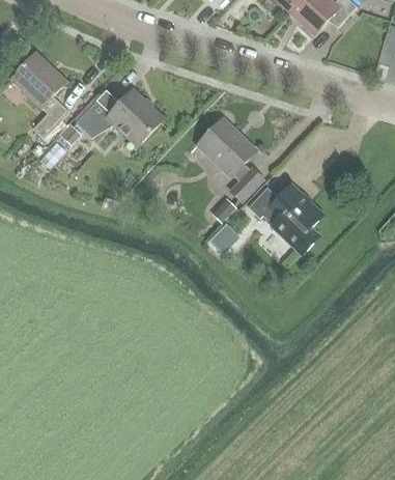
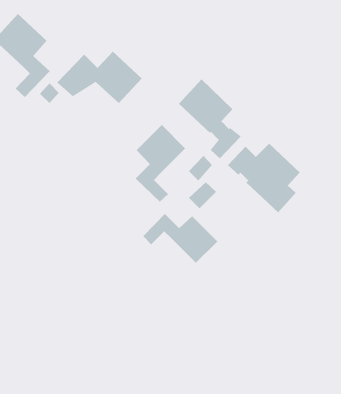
building: none -> [135,124,186,203]
building: none -> [143,213,218,263]

